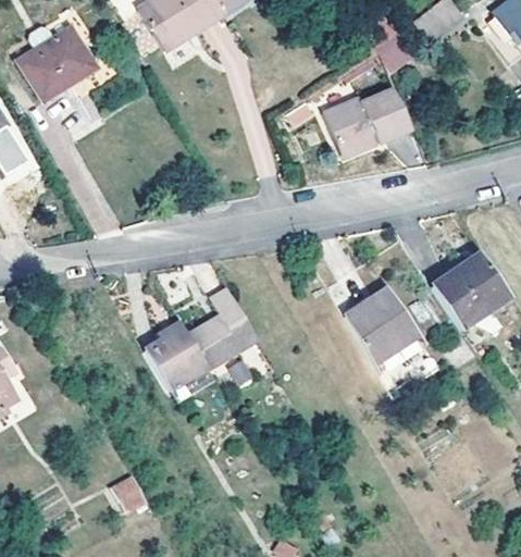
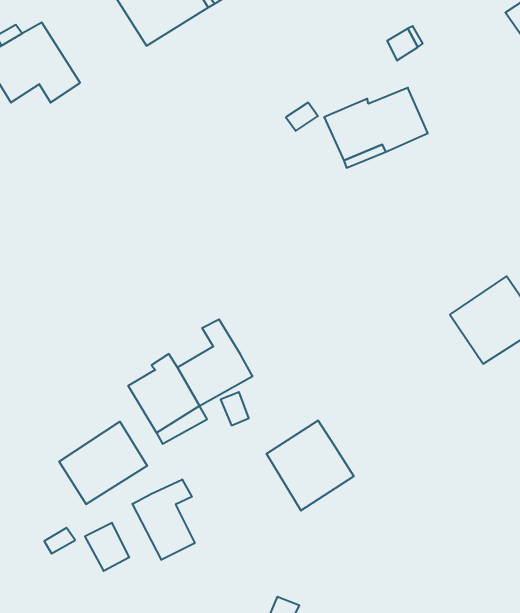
building: [343,287,420,367] -> [266,421,354,511]
building: none -> [59,422,147,504]
building: none -> [132,479,195,560]

